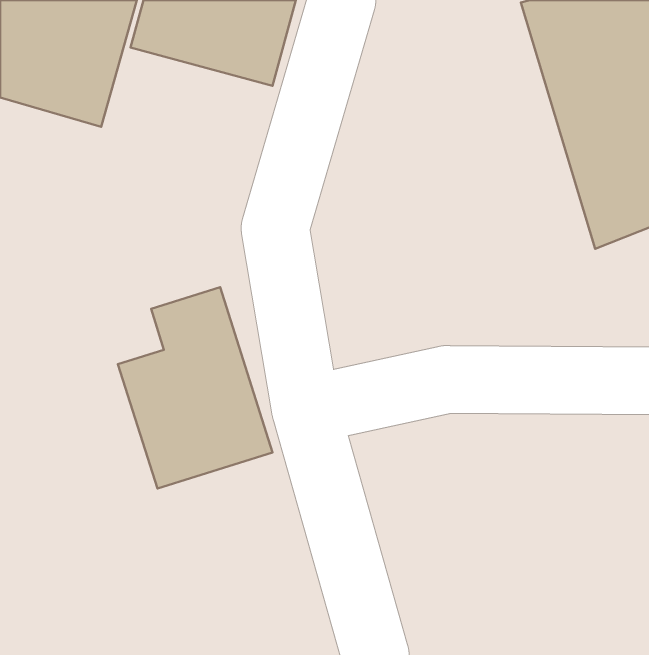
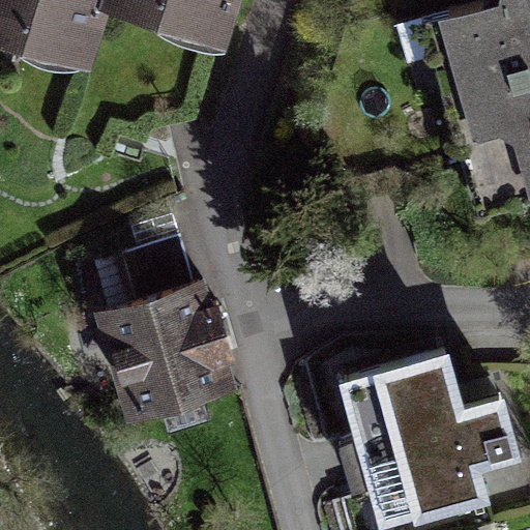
building: none -> [345,340,516,510]

